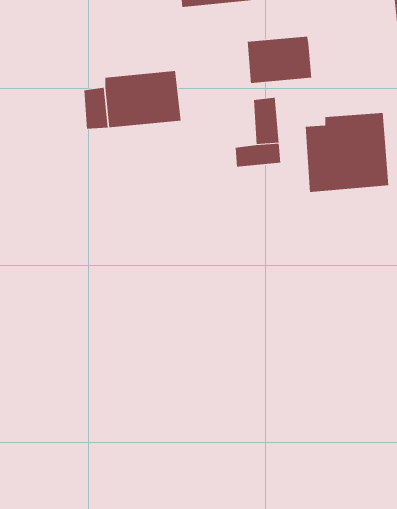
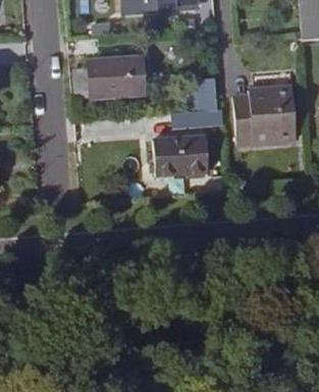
building: [247,36,312,84] -> none
building: none -> [154,136,208,176]

